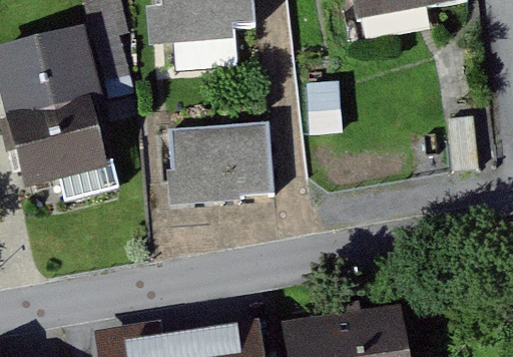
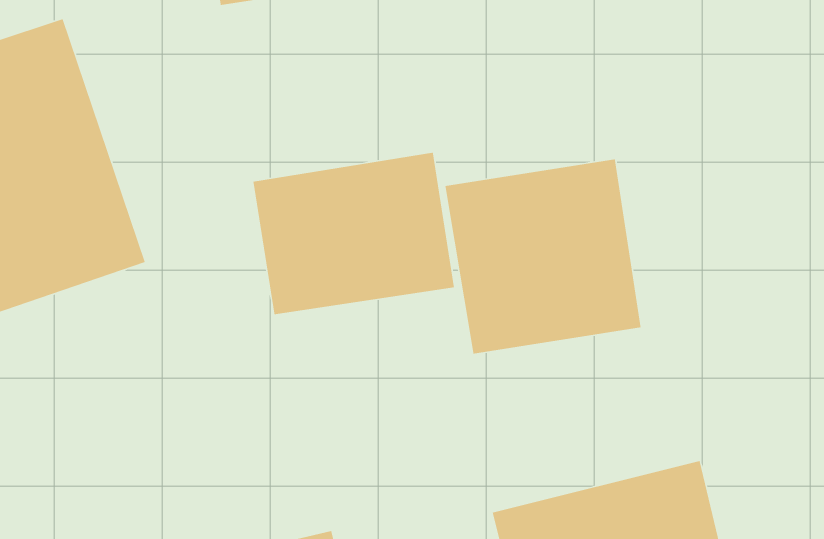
building: none -> [445,159,641,354]

